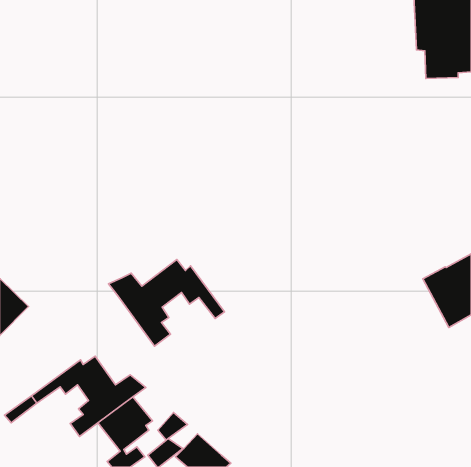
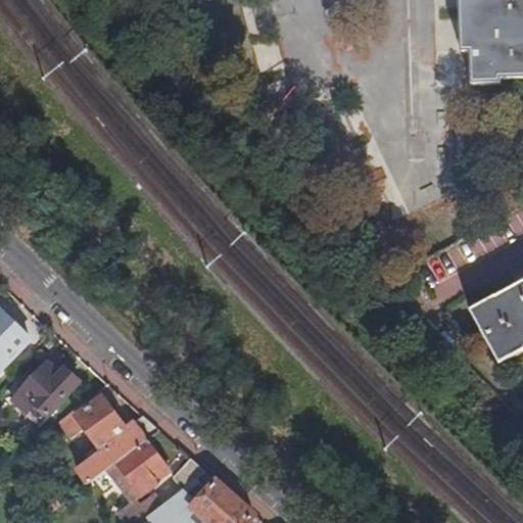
building: [109,260,224,346] -> none
building: none -> [16,365,81,416]

